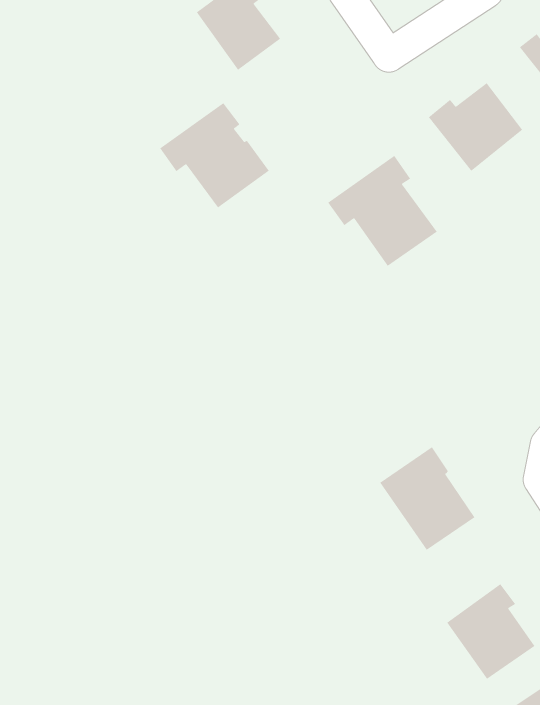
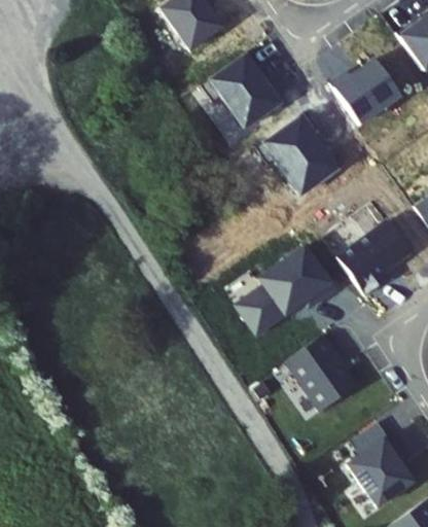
building: [159,102,270,208] -> [200,54,281,132]
building: none -> [244,242,342,328]

